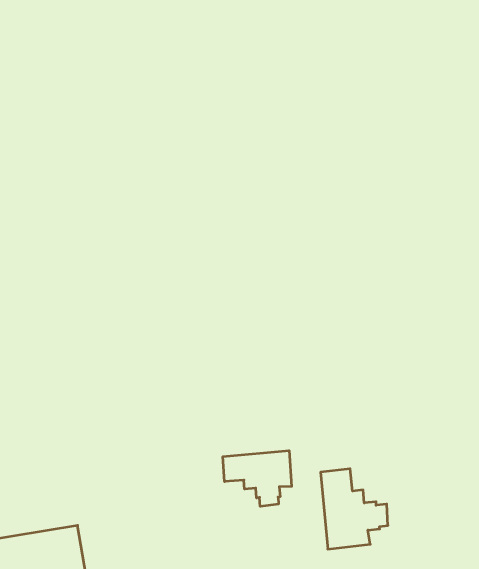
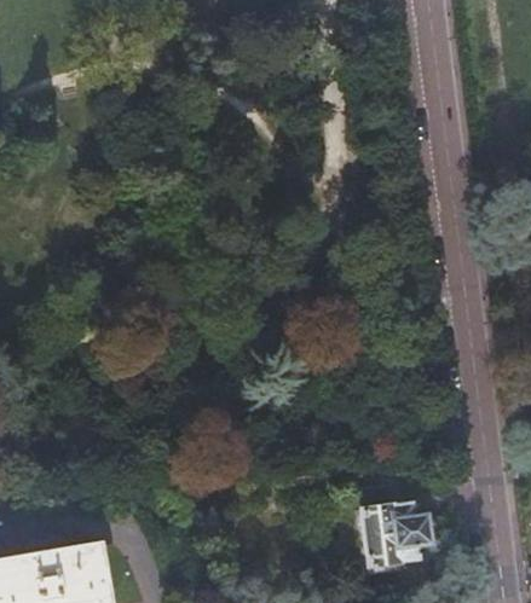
building: [223,451,292,506] -> none

